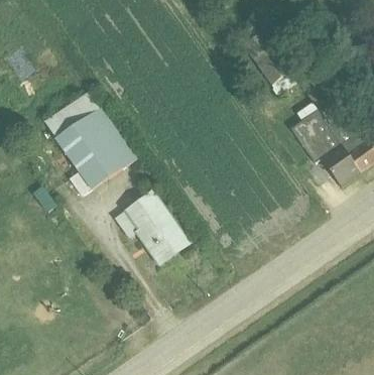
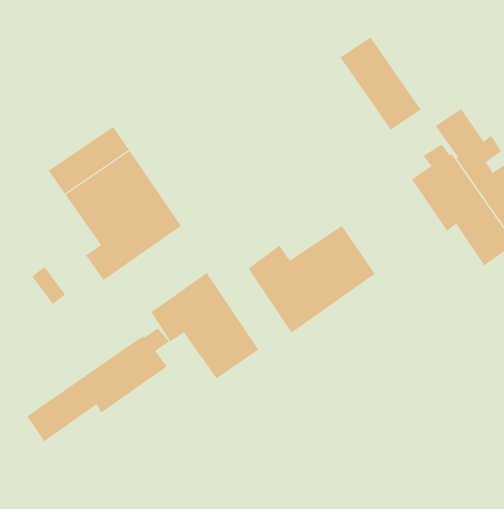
building: none -> [248,225,376,334]
building: none -> [26,327,170,442]

